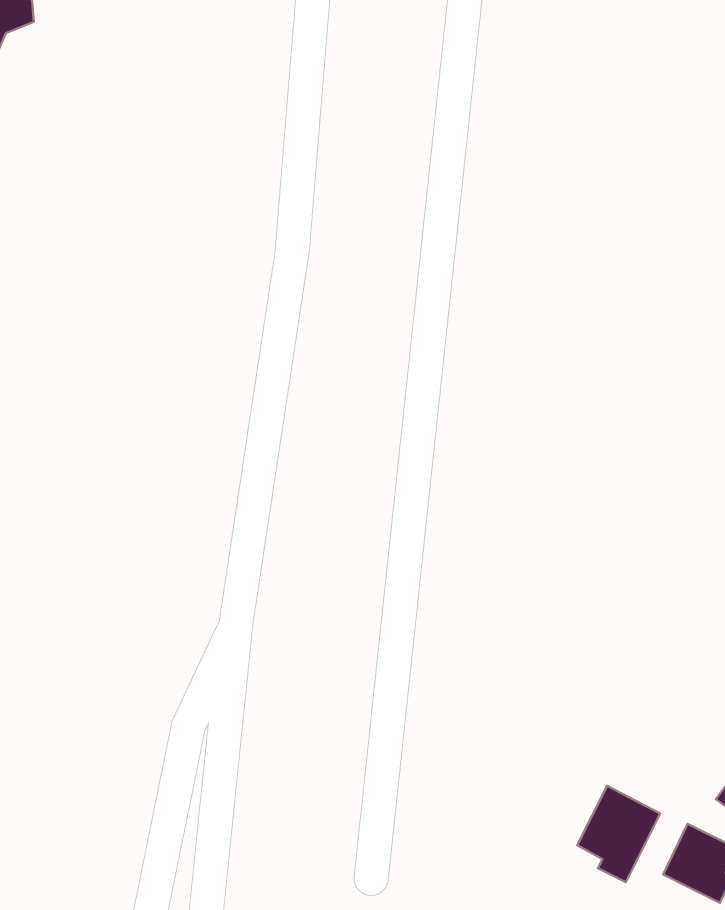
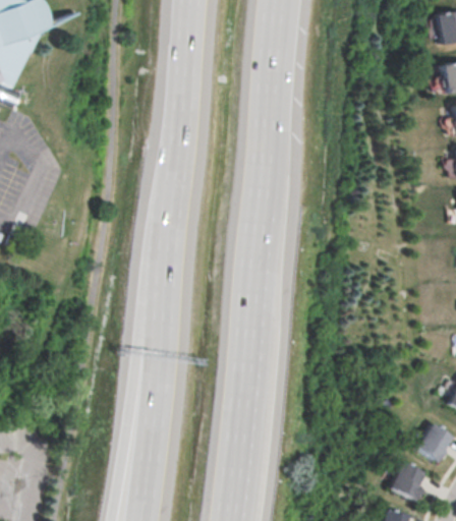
building: [577,786,660,882] -> none

